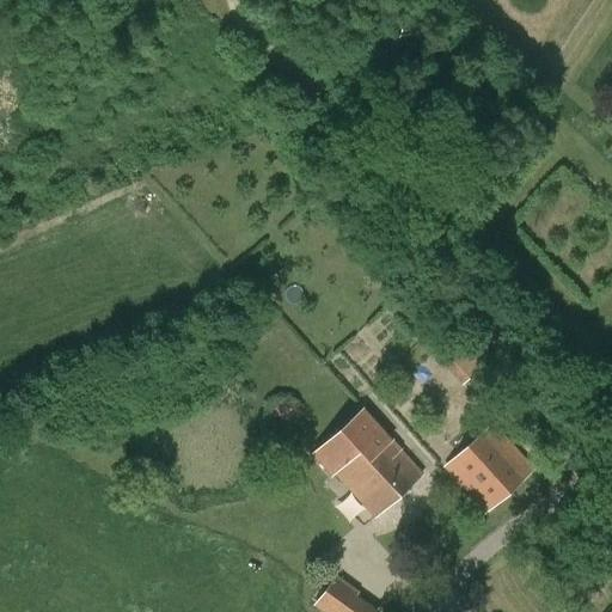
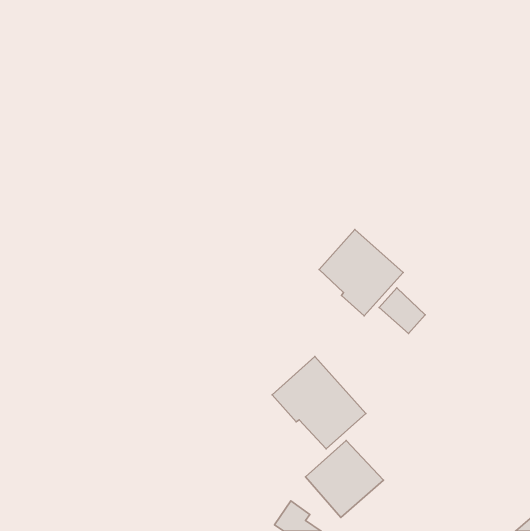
building: none -> [319,230,403,316]
building: [445,424,534,513] -> [306,441,384,517]

